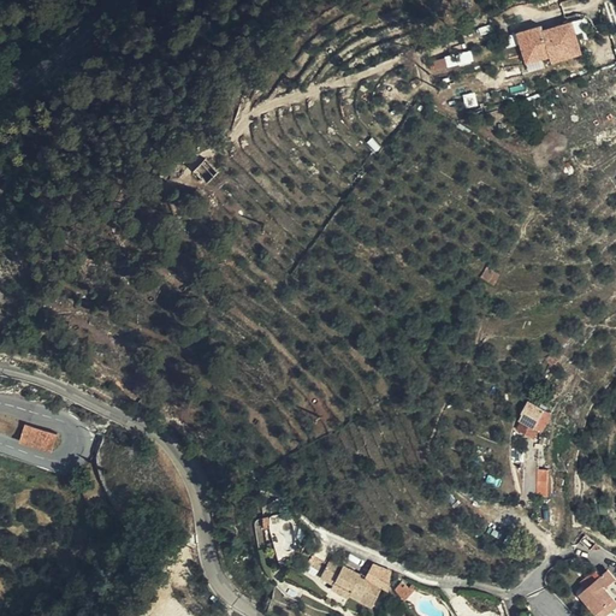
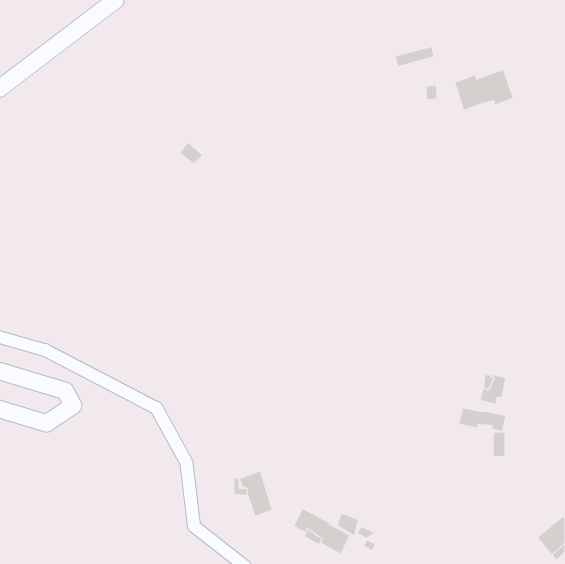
building: [516,23,580,67] -> [455,69,513,110]
building: [19,428,57,454] -> none
building: none -> [458,408,506,431]

